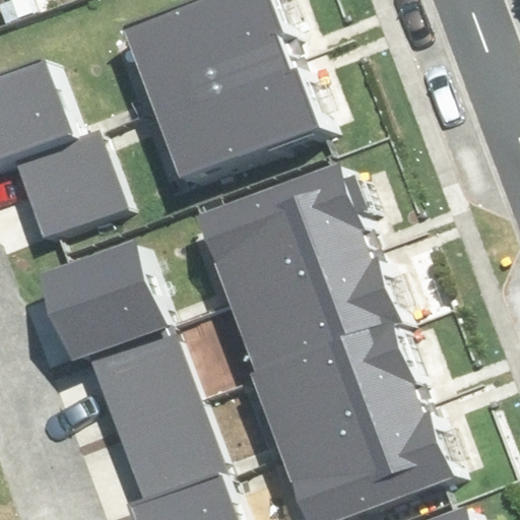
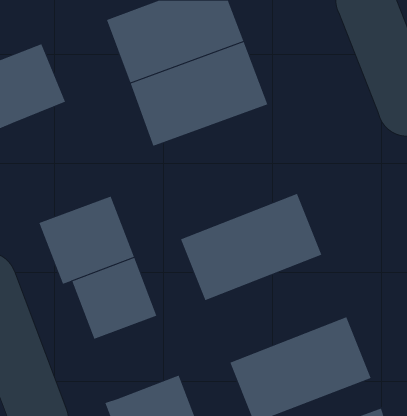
building: [16,123,132,234] -> none
building: [193,168,368,301] -> none
building: [253,320,429,453] -> none
building: [116,395,221,498] -> none

